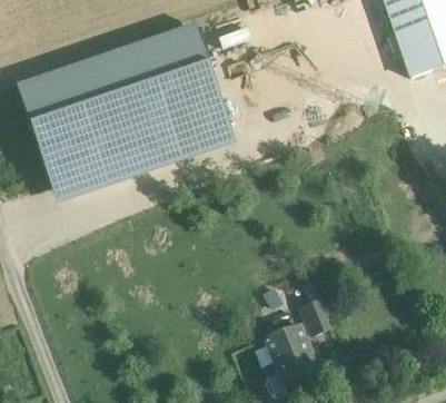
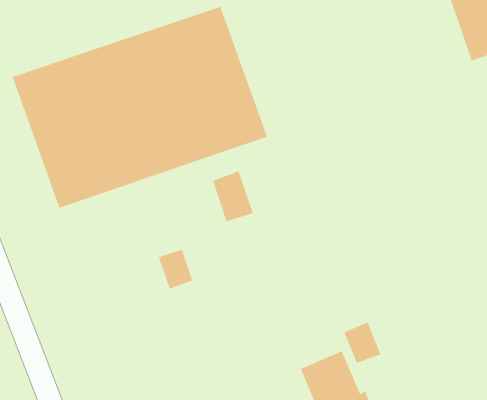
building: none -> [213,171,253,222]
building: none -> [158,249,193,290]

